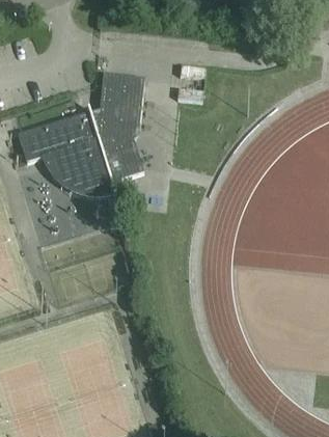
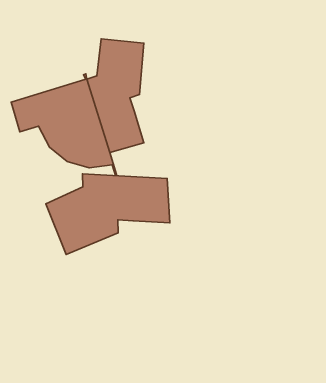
building: none -> [46,174,170,254]

